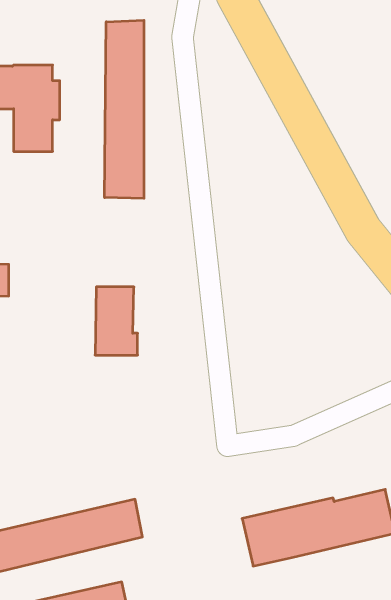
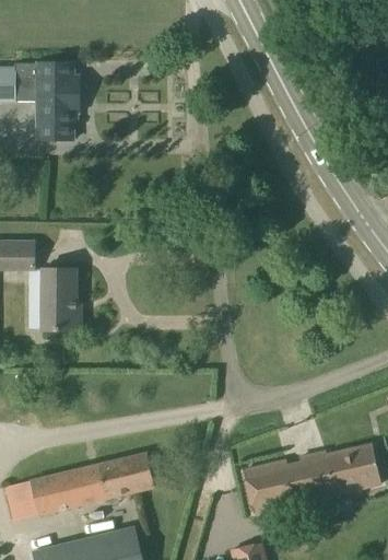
building: [105,20,144,198] -> none
building: [95,287,138,355] -> [40,269,79,330]

